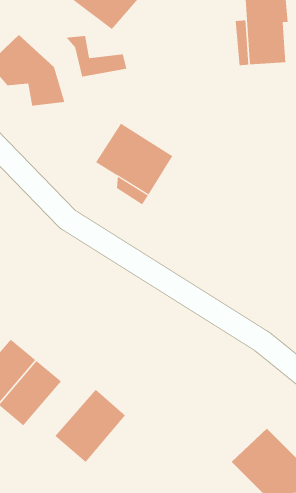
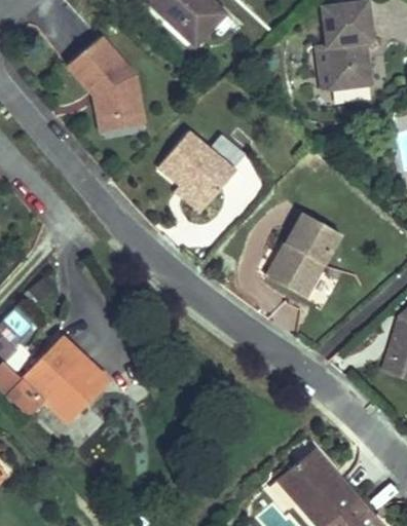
building: [65,36,127,77] -> [83,86,142,127]
building: none -> [267,211,346,304]
building: [55,389,126,463] -> none

